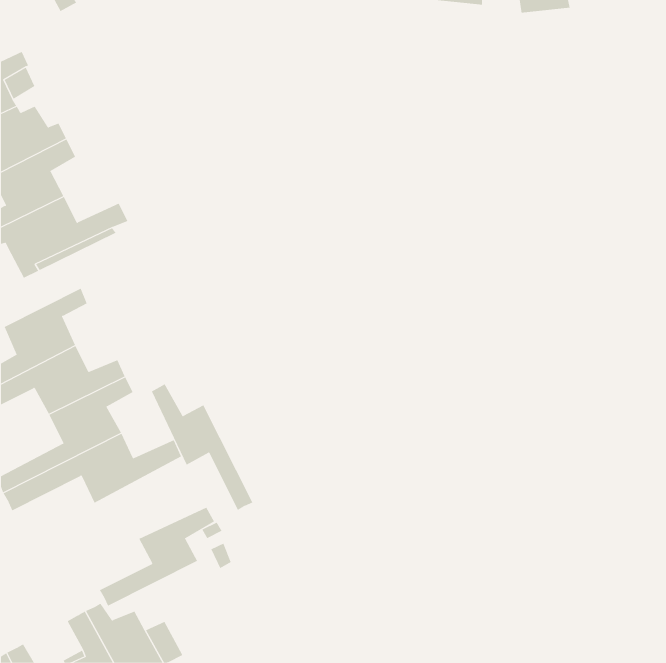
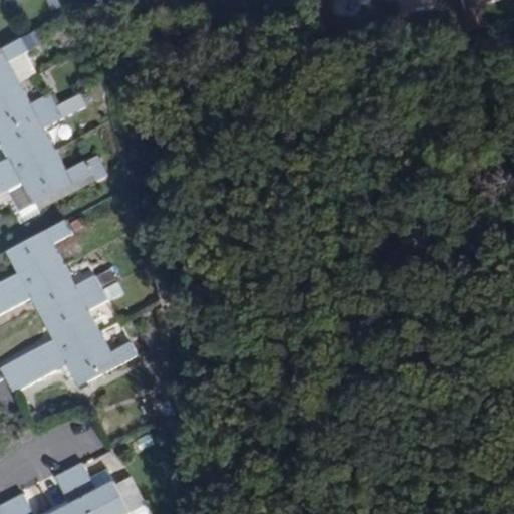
building: [151,384,253,511] -> none
building: [99,507,215,607] -> none

